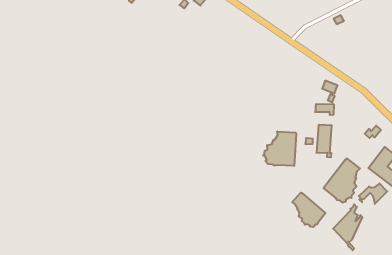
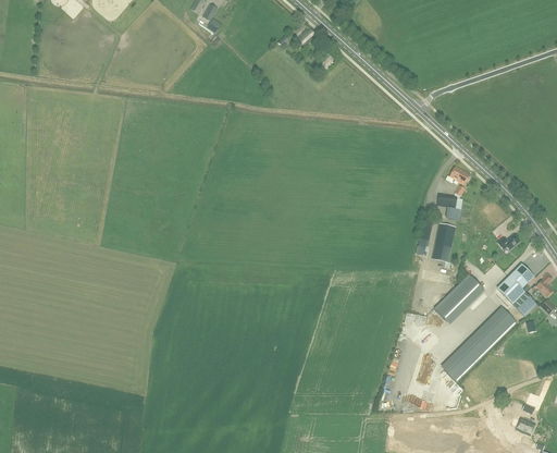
building: [263,131,296,166] -> none
building: [292,193,325,227] -> none

